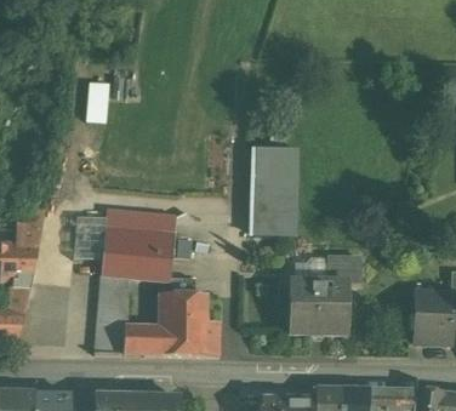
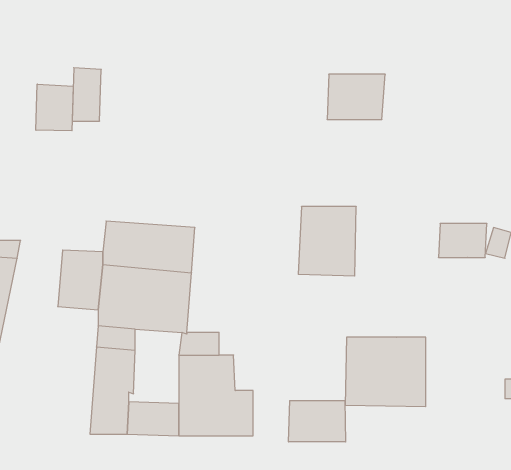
building: none -> [36,84,73,131]
building: [256,149,300,183] -> [327,74,385,119]
building: [327,256,364,281] -> [438,224,487,257]
building: none -> [289,400,346,442]

